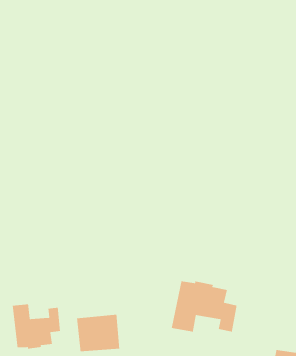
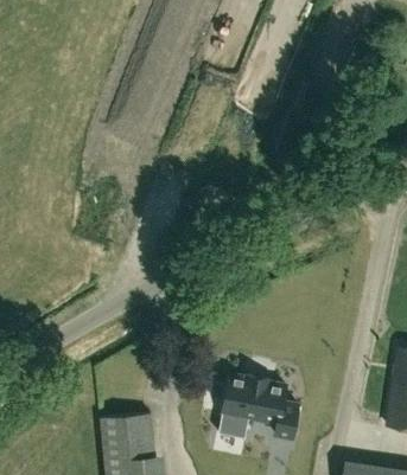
building: [12,304,61,349] -> none

